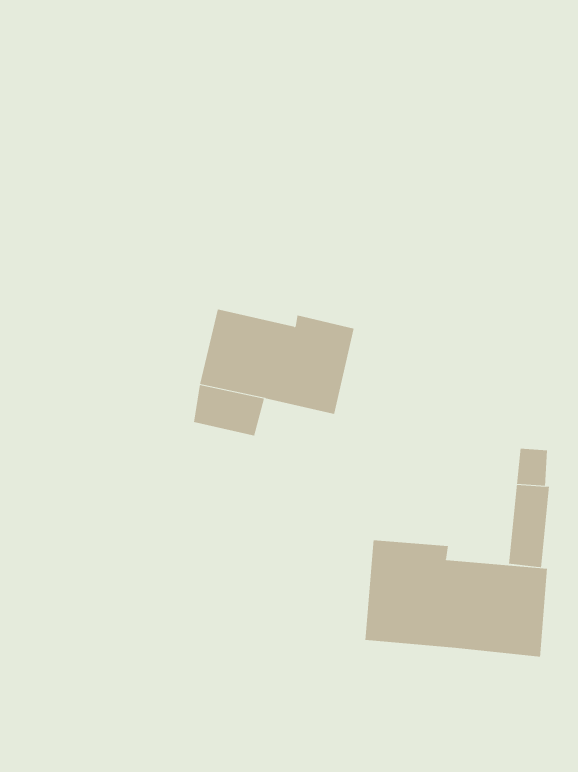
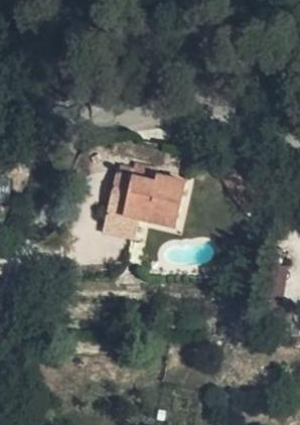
building: [365,540,548,658] -> none

